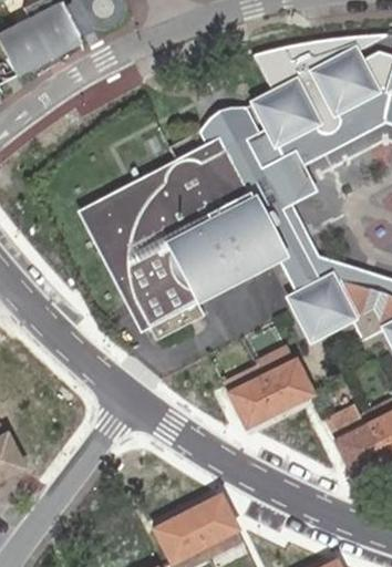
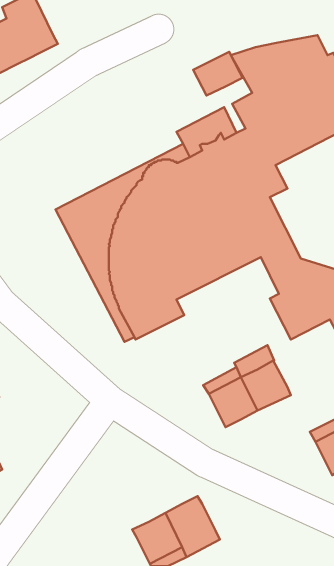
building: none -> [193,52,243,96]

